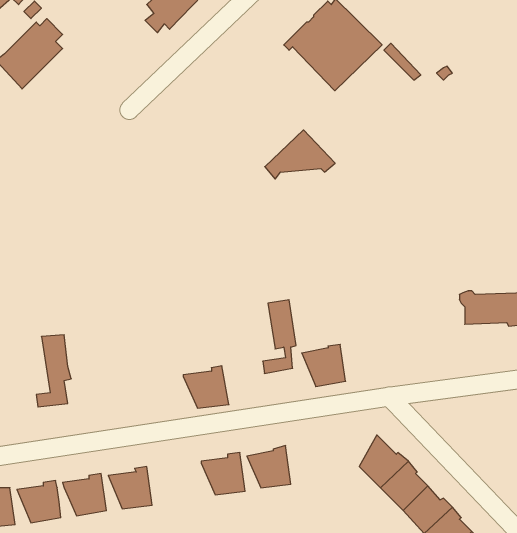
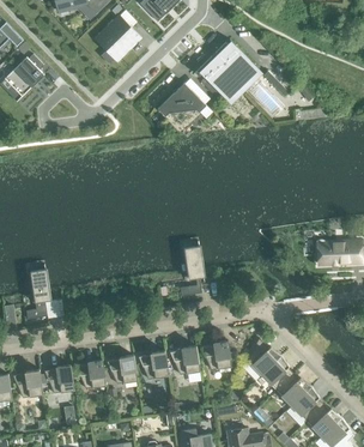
building: [265,130,335,179] -> [158,83,206,116]
building: [302,344,346,387] -> [201,342,231,370]
building: [183,366,229,408] -> [107,355,138,383]

